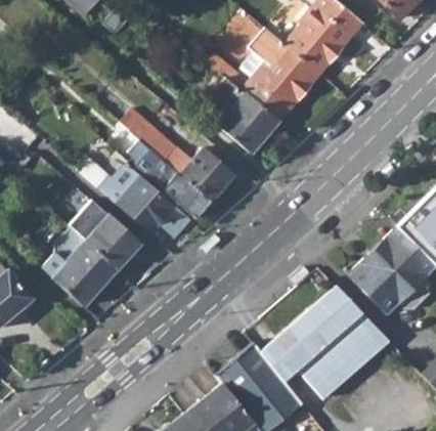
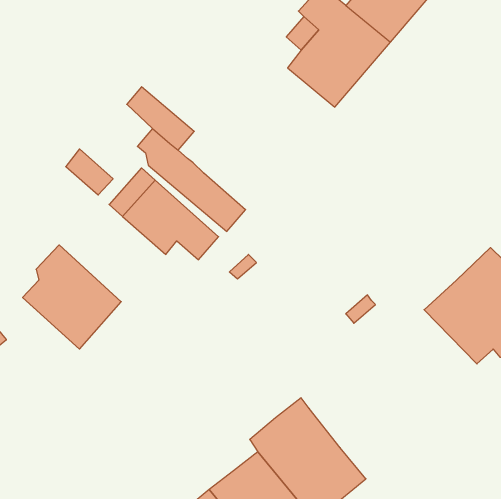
building: [215,85,278,156] -> none
building: [167,149,232,201] -> none
building: [67,200,140,270] -> none
building: [259,285,390,399] -> none

